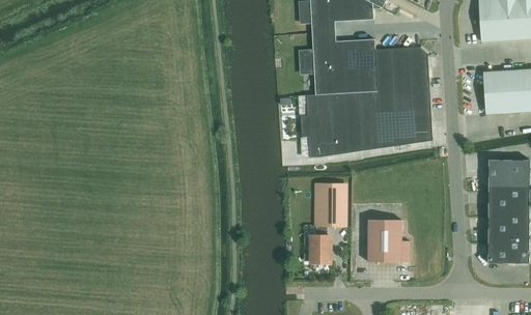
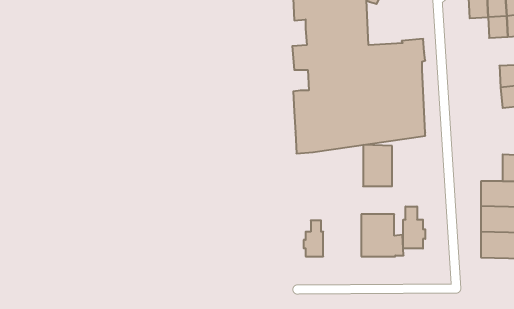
building: [477,21,497,42] -> none
building: [483,69,510,113] -> none
building: [488,159,510,185] -> none
building: [316,183,345,225] -> [363,145,392,186]
building: none -> [403,206,425,249]

